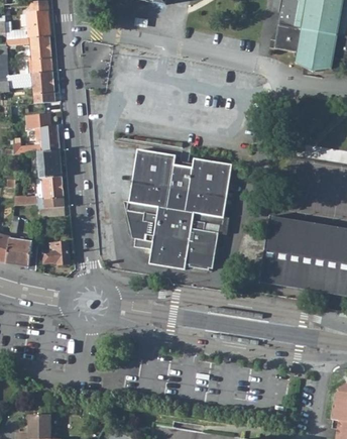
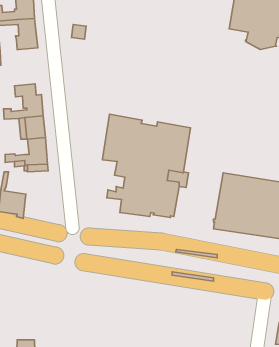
building: [19,71,54,103] -> none
building: [123,200,154,239] -> none
building: [42,241,69,264] -> none

